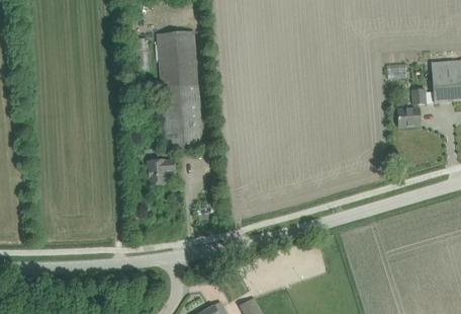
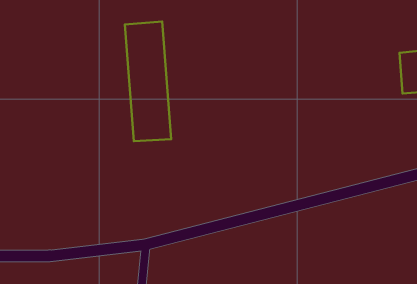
building: [397,89,426,127] -> none
building: [148,160,175,184] -> none

